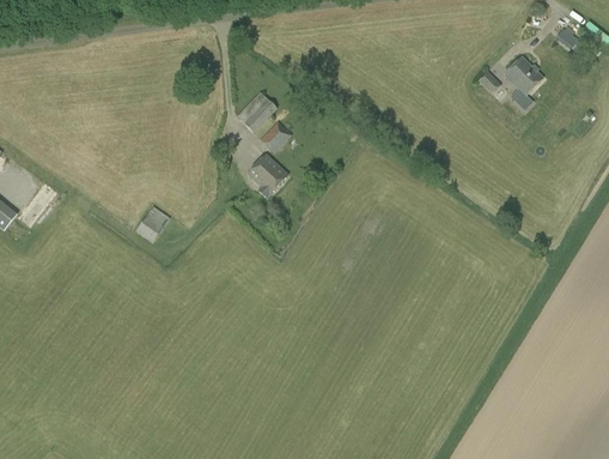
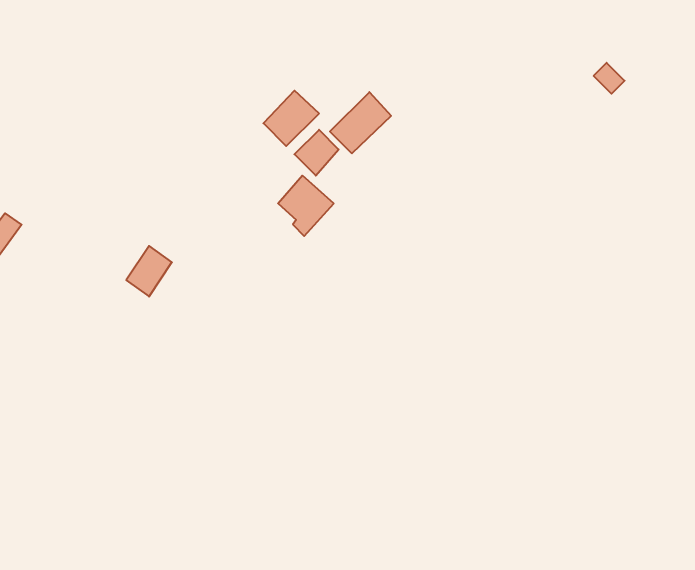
building: [505,55,543,96] -> none
building: none -> [330,92,391,153]

